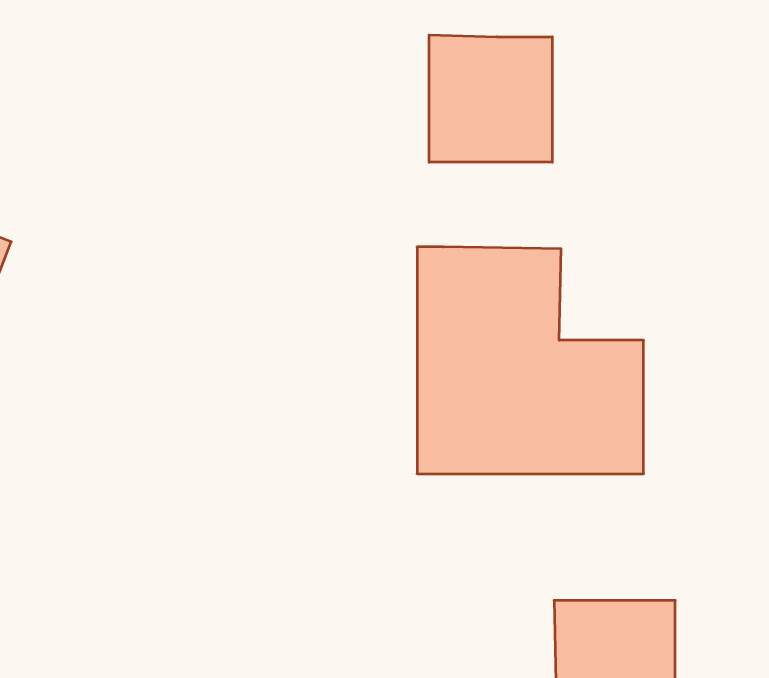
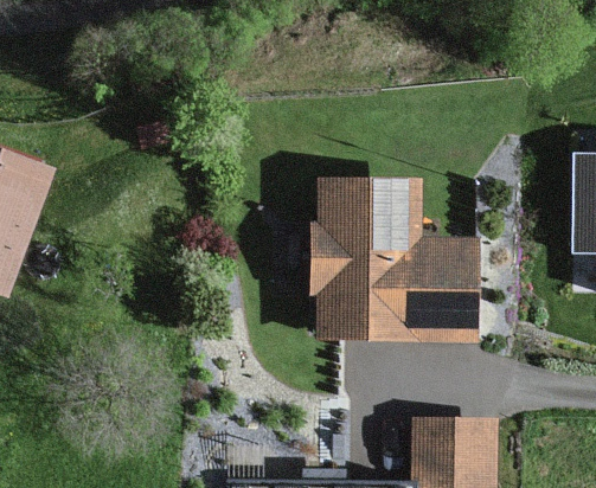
building: [429,35,552,162] -> none

